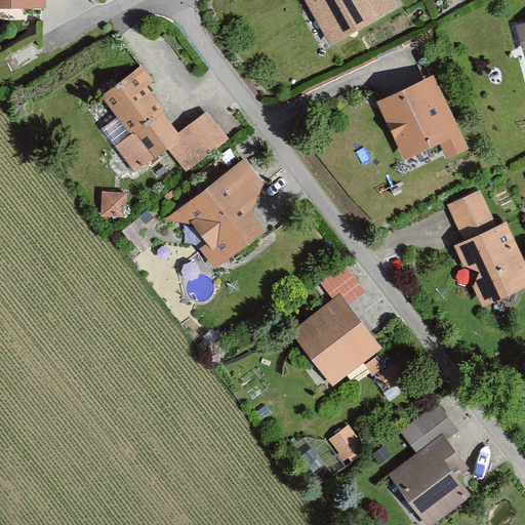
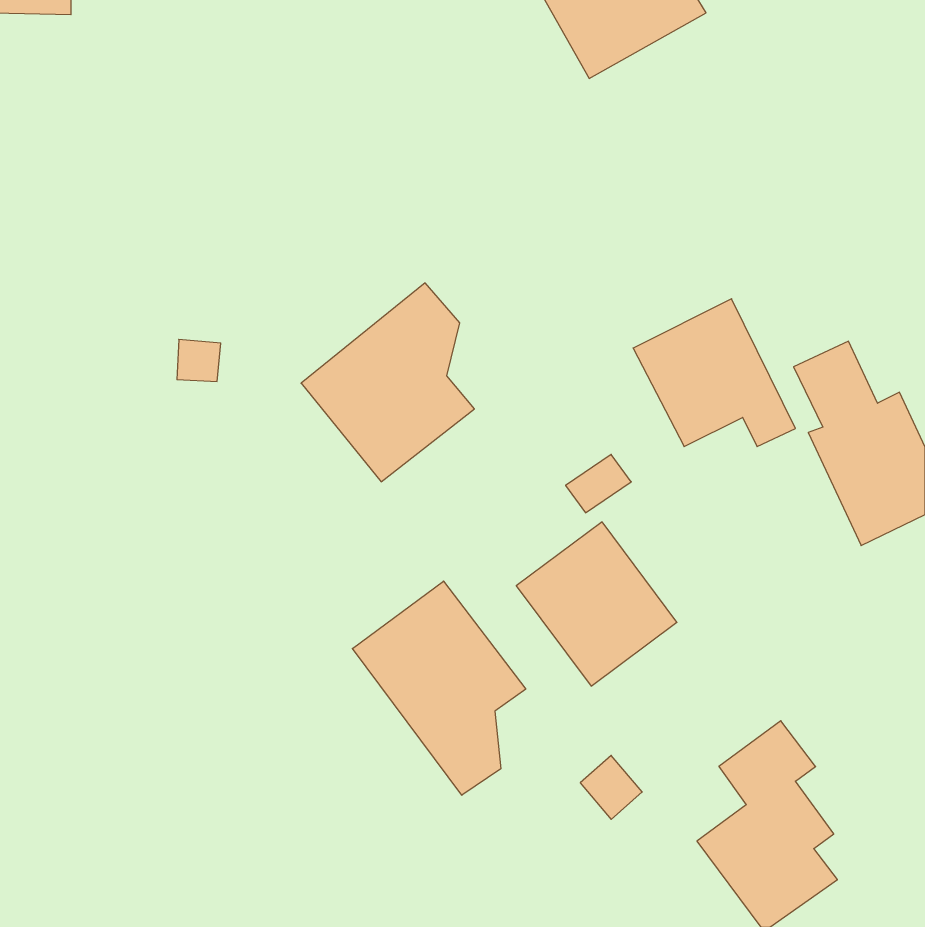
building: [100,68,226,173] -> none
building: [379,77,471,160] -> [633,299,795,447]
building: none -> [352,581,526,795]

